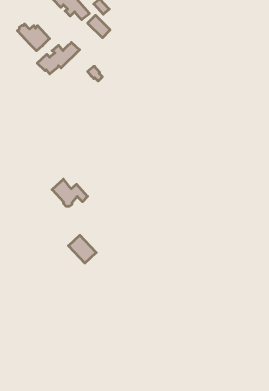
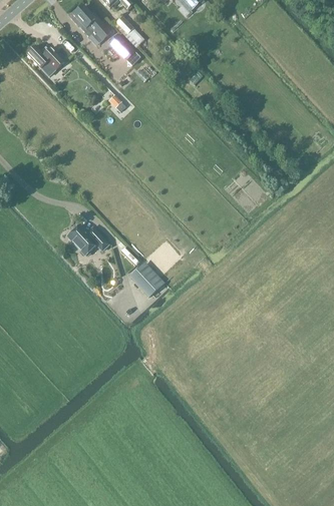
building: [37,42,80,74] -> none
building: [68,235,96,263] -> [129,264,161,296]

